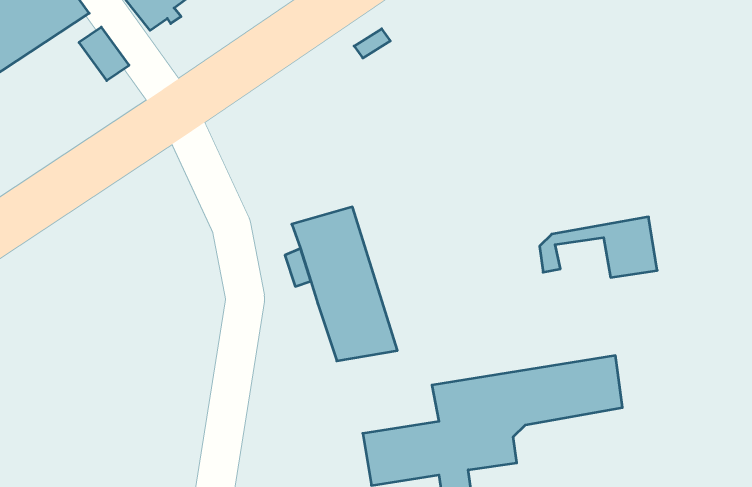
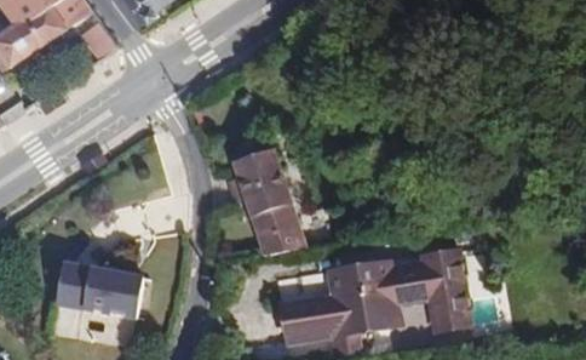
building: [540,217,657,277] -> [389,288,471,331]
building: none -> [53,264,137,324]

